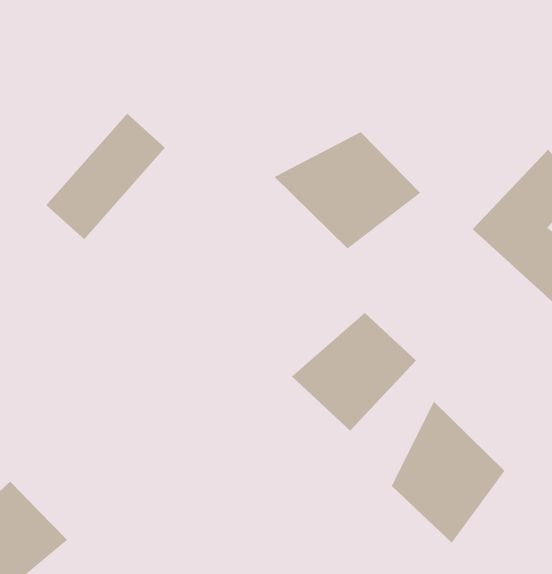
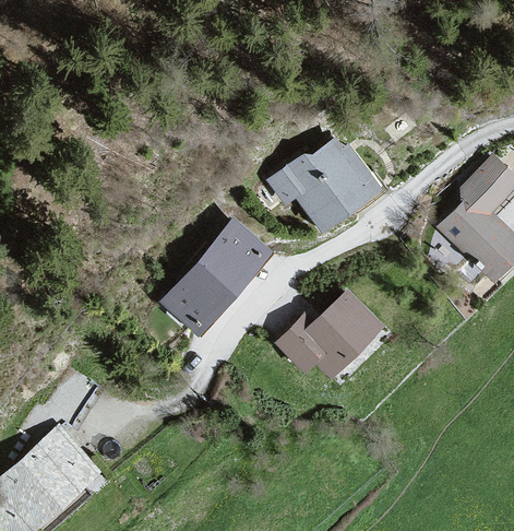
building: [46,113,166,240] -> [165,217,263,321]
building: [391,401,505,543] -> none

